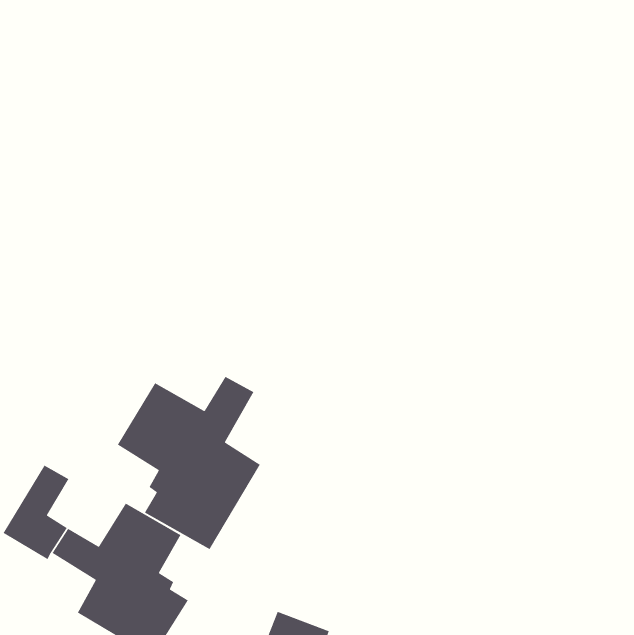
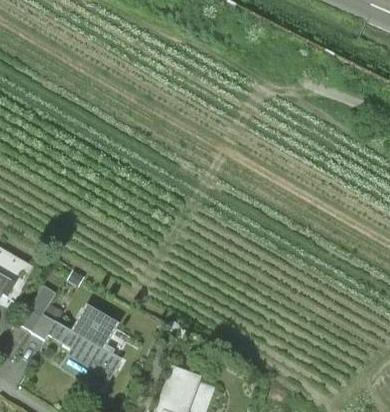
building: [117,376,261,550] -> none

